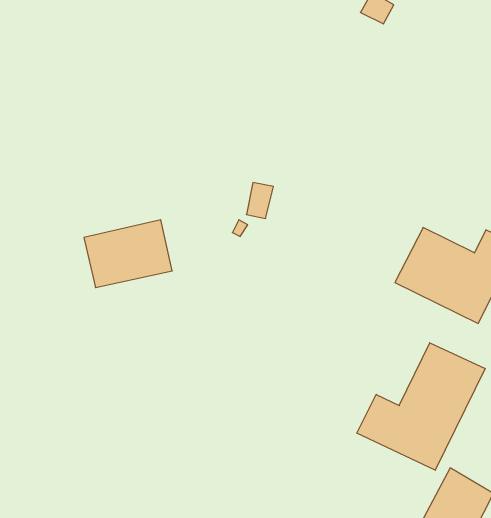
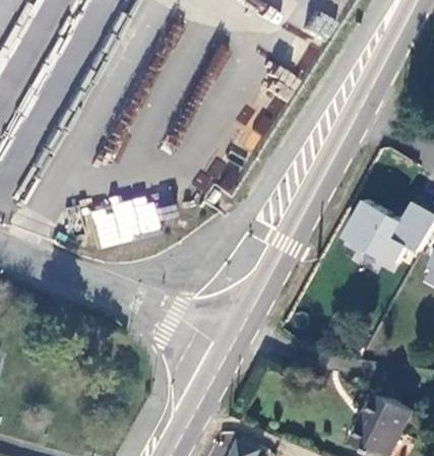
building: [357,343,485,470] -> none

